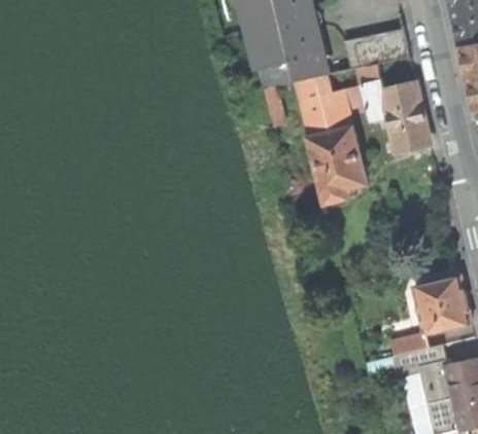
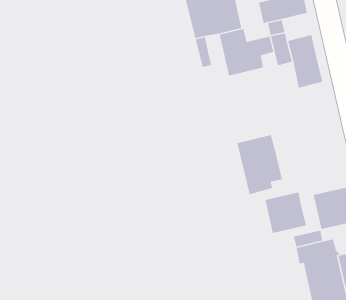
building: [308,125,368,204] -> [236,134,283,195]
building: none -> [264,192,307,234]

